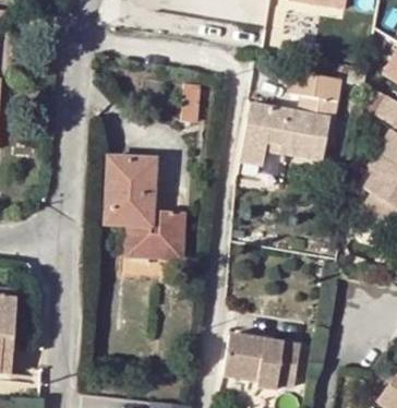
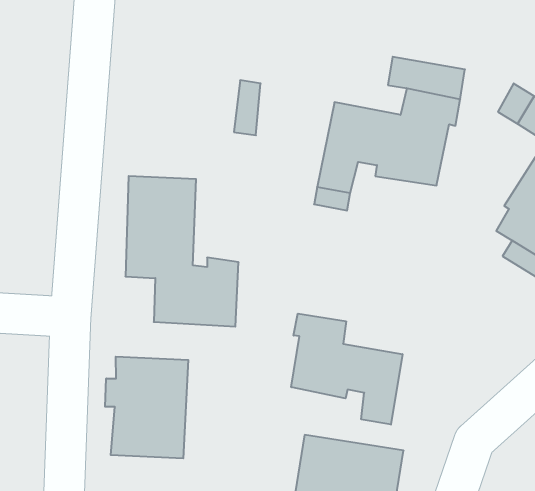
building: none -> [291,314,402,425]
building: none -> [105,357,188,458]

